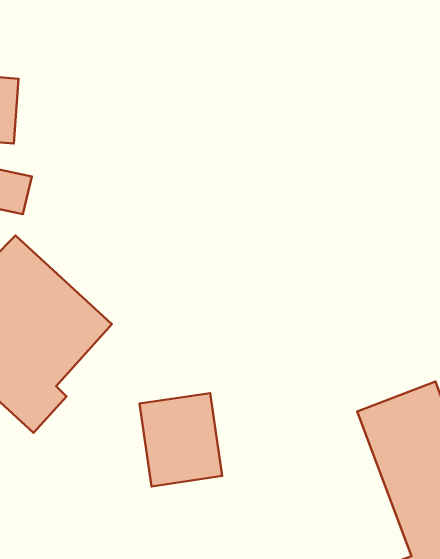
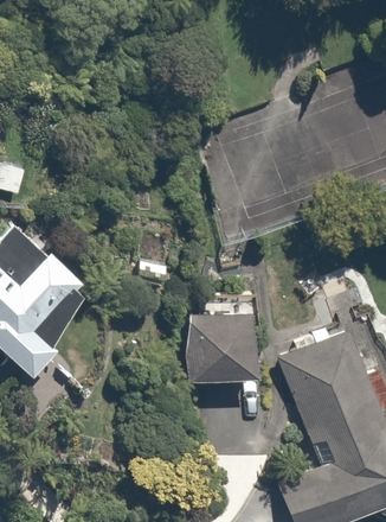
building: [139,393,222,486] -> [185,310,250,383]

